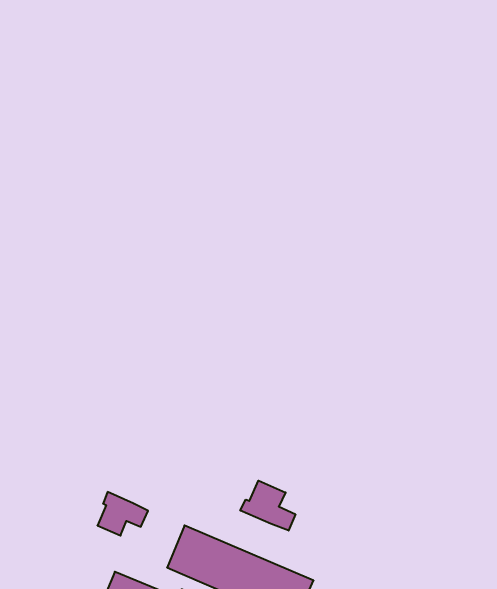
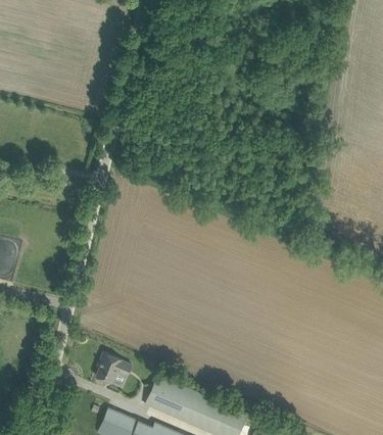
building: [240,481,295,531] -> none

